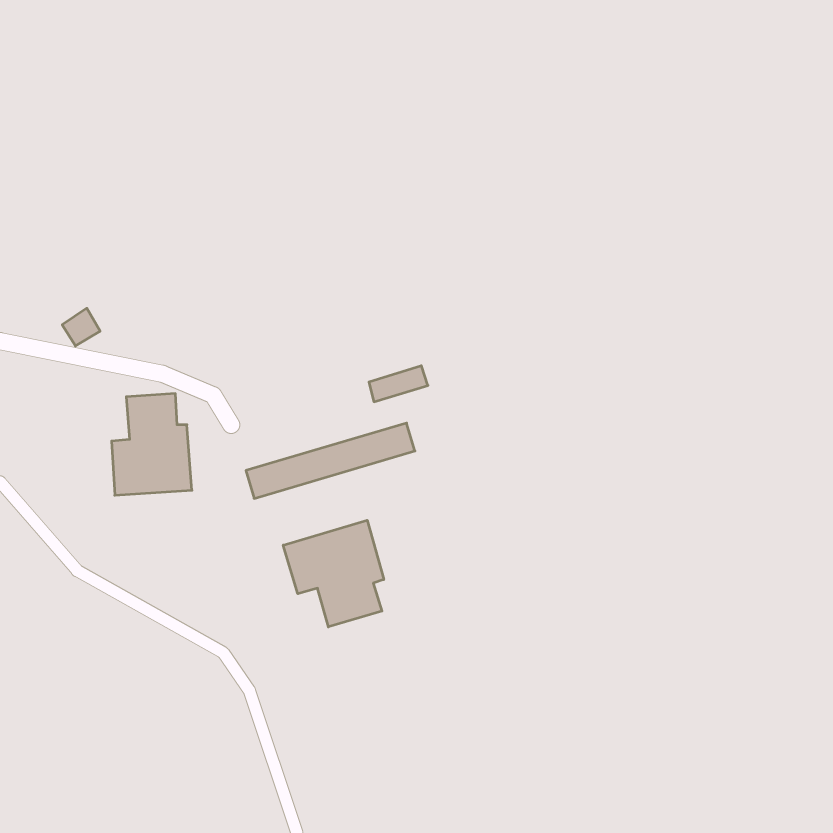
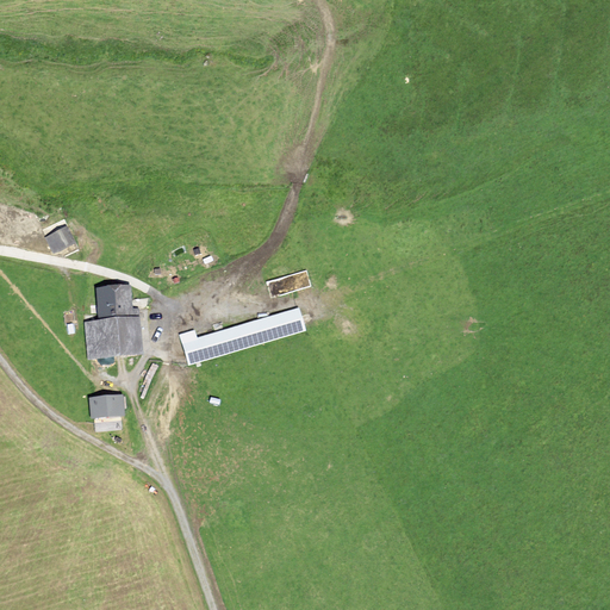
building: [283,520,384,627] -> none
building: none -> [89,394,125,422]

